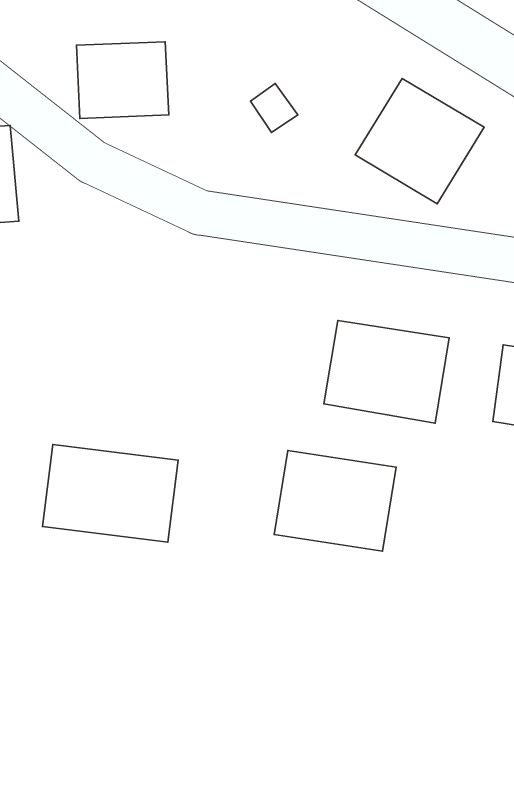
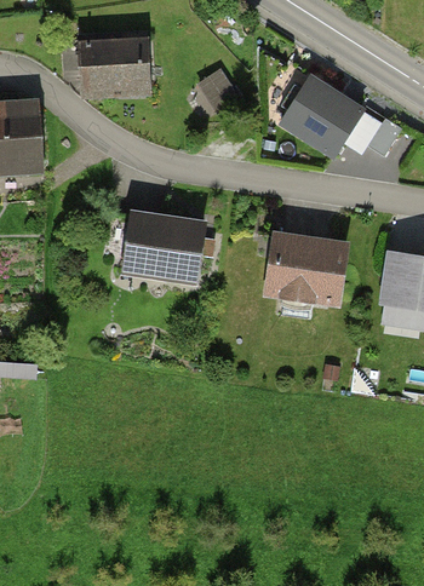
building: [42,445,178,542] -> [119,216,213,283]
building: [274,451,396,551] -> none

